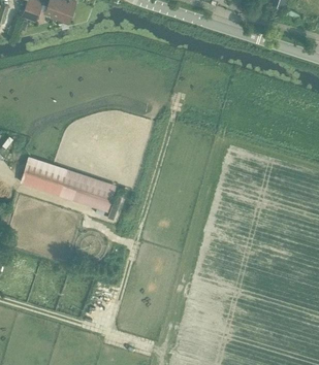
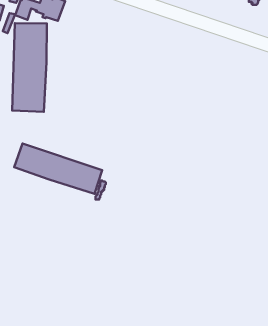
building: none -> [12,23,47,112]

